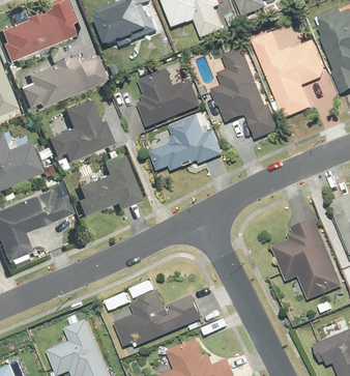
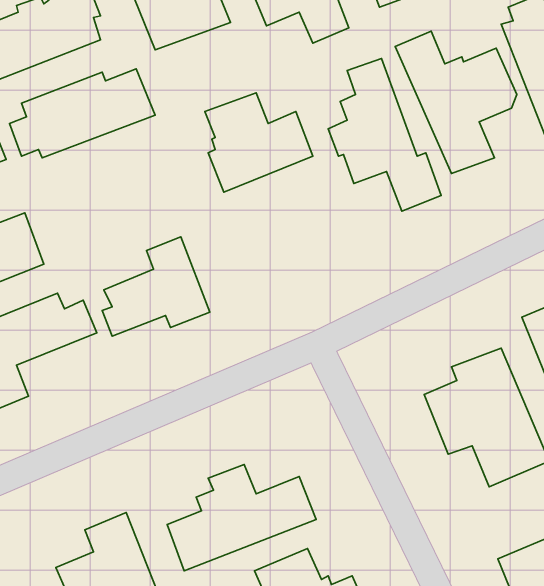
building: [43,95,110,157] -> none
building: [150,113,223,169] -> none

